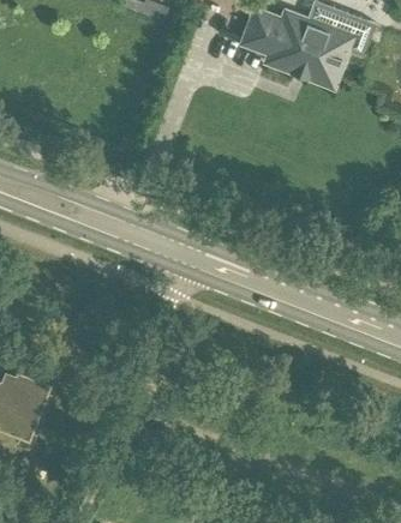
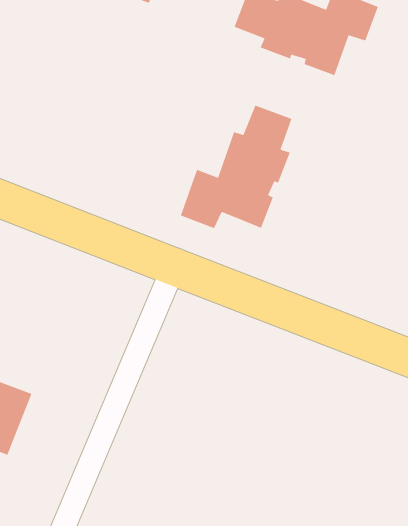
building: none -> [180,104,293,229]

